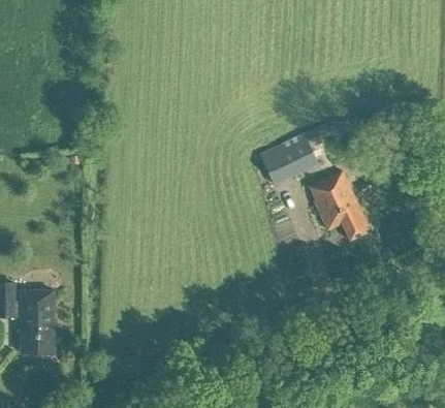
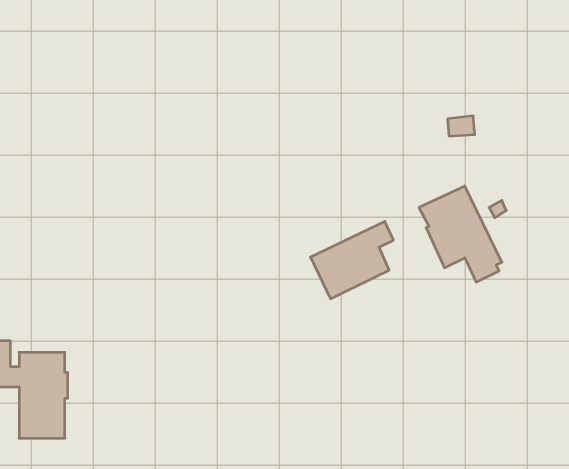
building: [261,129,321,185] -> [310,221,393,299]

